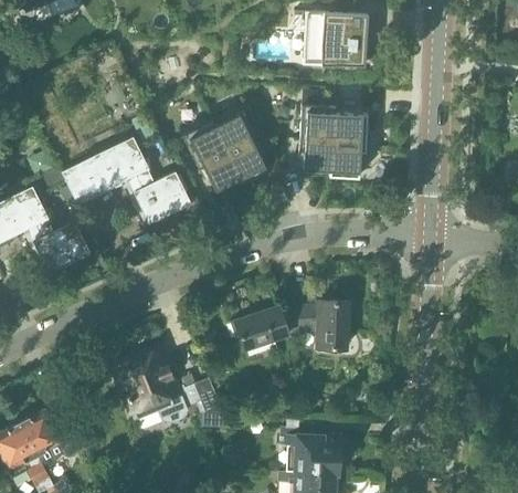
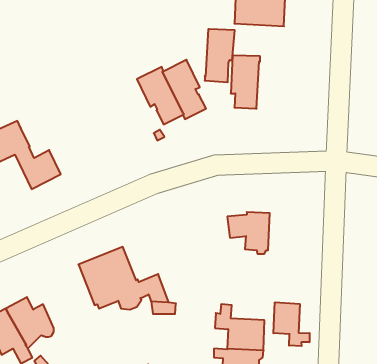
building: [330,113,368,179] -> [205,29,235,82]
building: [62,137,188,222] -> none
building: [231,306,298,349] -> none
building: none -> [273,302,310,346]

